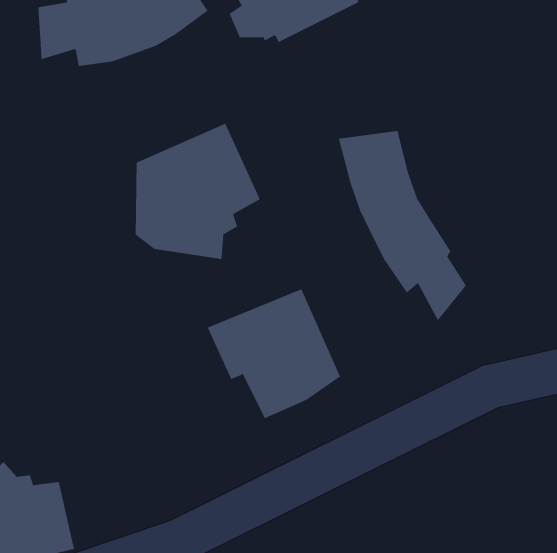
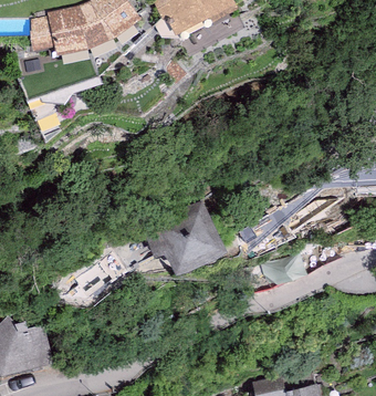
building: [135,123,260,260] -> none
building: [338,130,467,321] -> none

